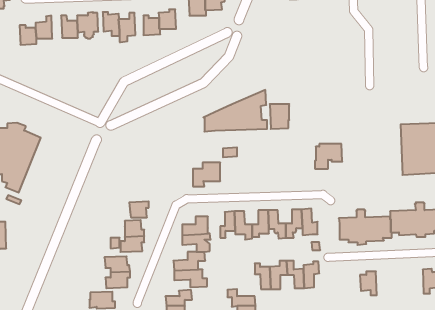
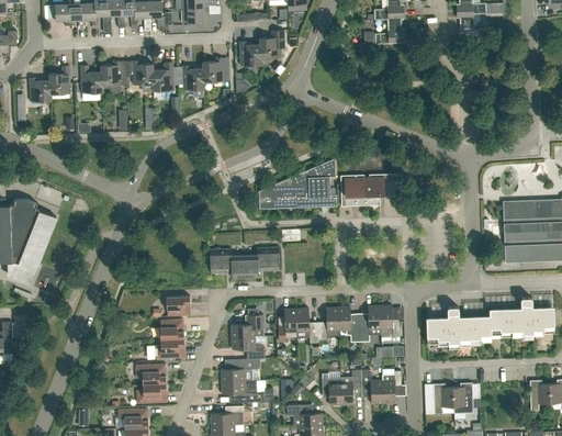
building: [315,144,342,169] -> [363,174,397,204]
building: none -> [210,248,245,277]
building: none -> [434,383,453,413]

